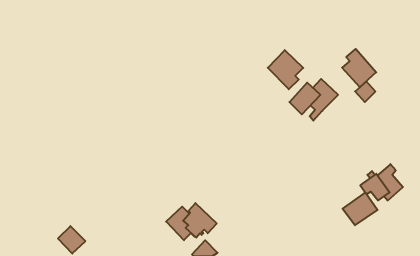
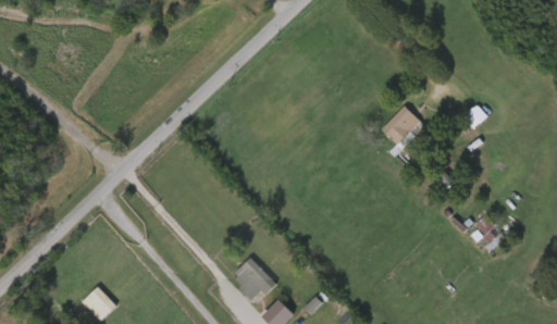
building: [342,49,376,87] -> none
building: [268,50,303,89] -> none
building: [343,192,378,225] -> none

